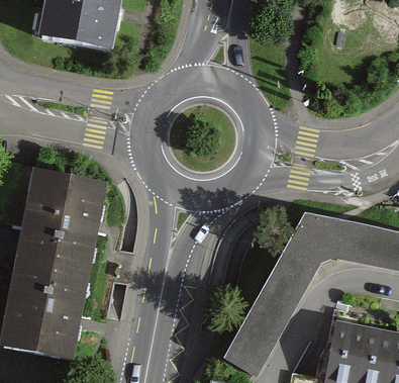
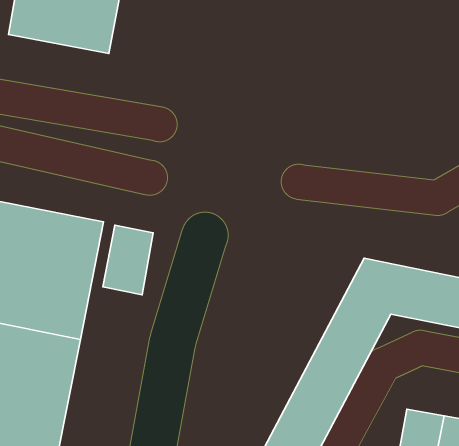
building: none -> [103,225,153,295]

